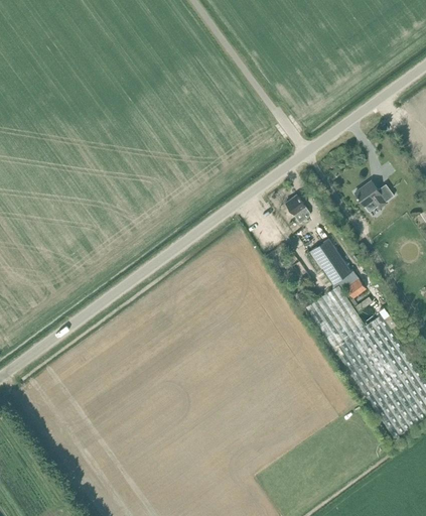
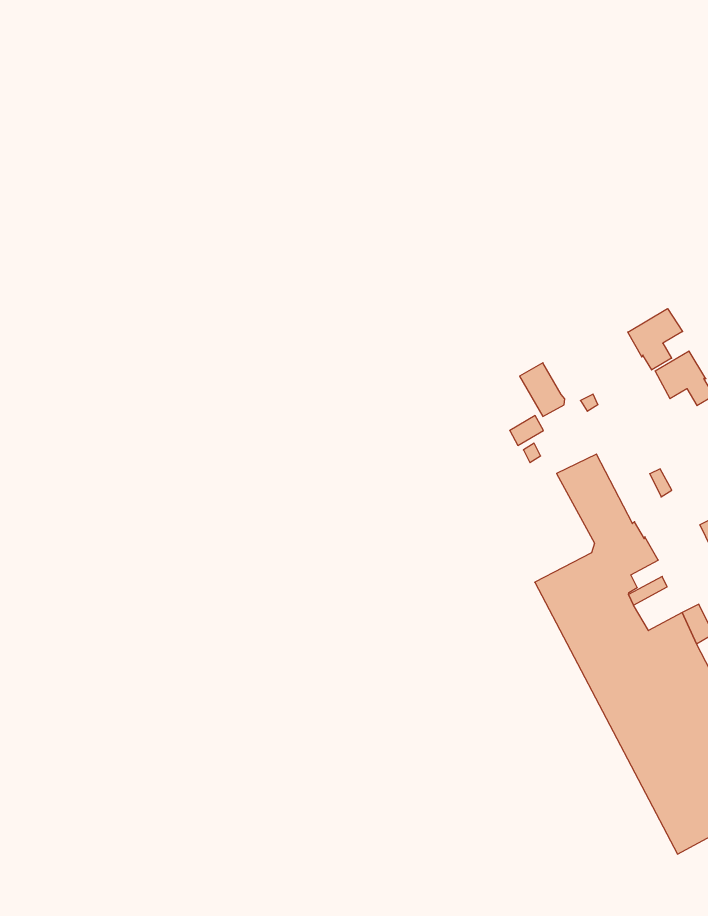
building: none -> [628,309,683,370]

